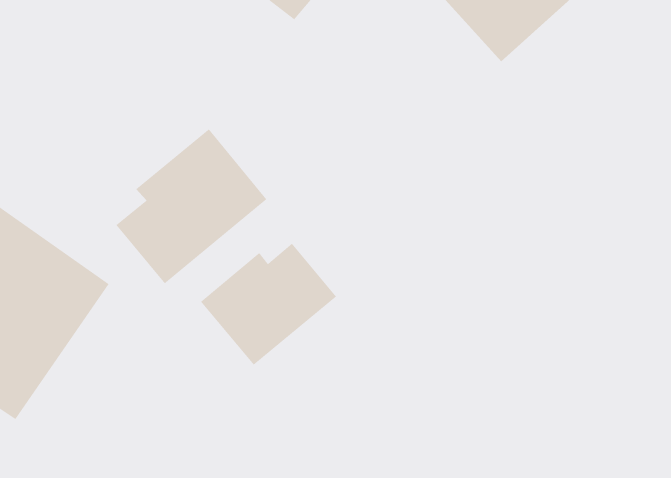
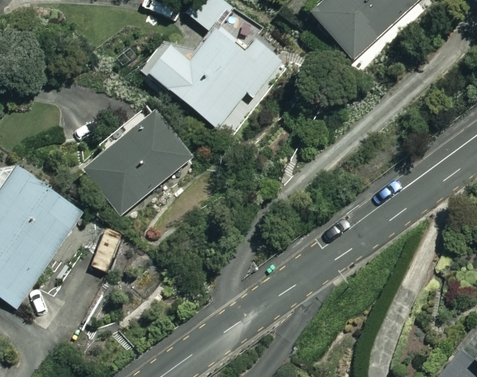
building: none -> [144,30,281,131]
building: [200,243,337,365] -> none

